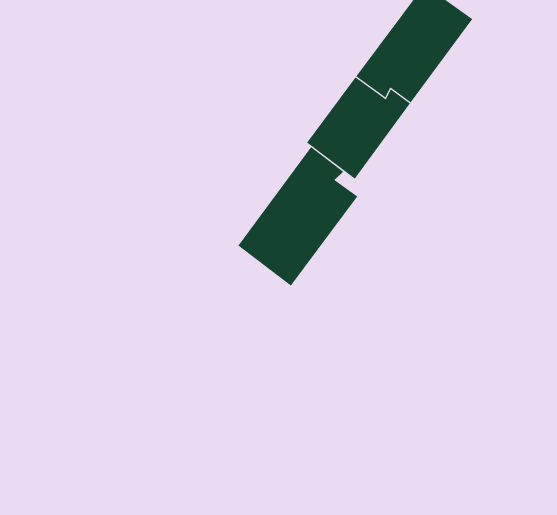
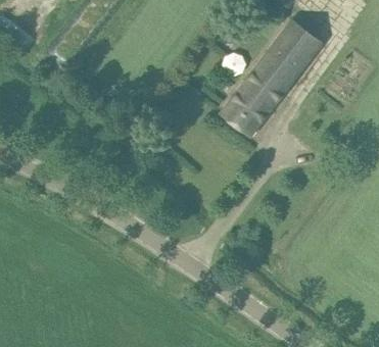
building: [238,146,358,287] -> none

